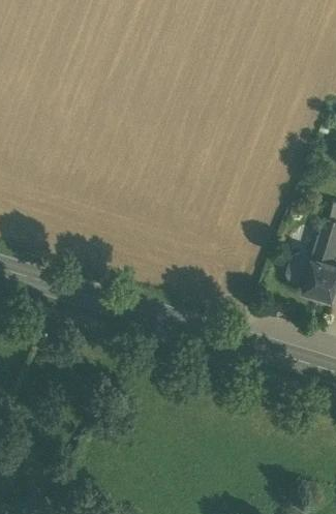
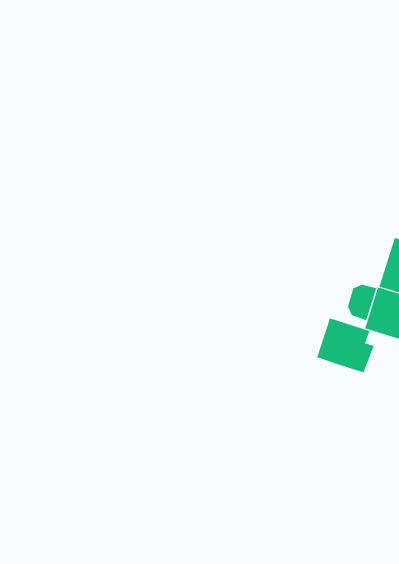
building: none -> [317,317,374,373]

